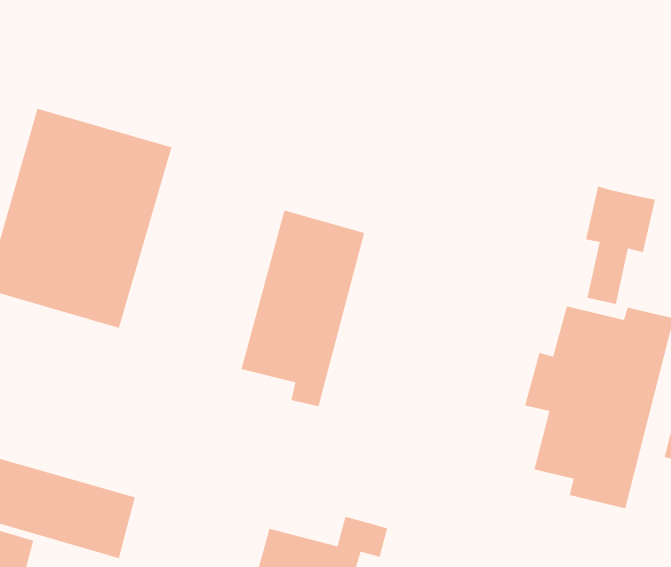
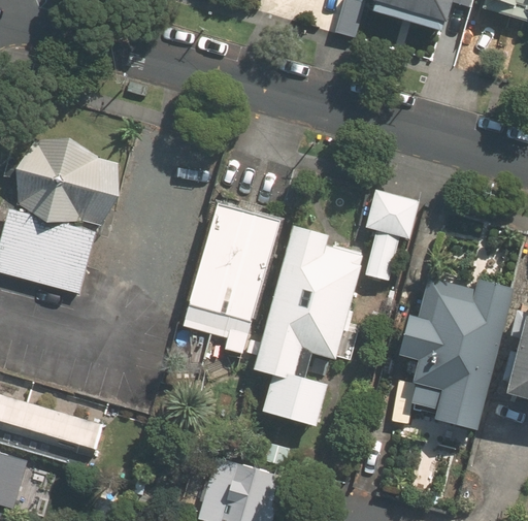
building: [585,185,656,305] -> [365,189,419,280]
building: none -> [254,225,366,426]

